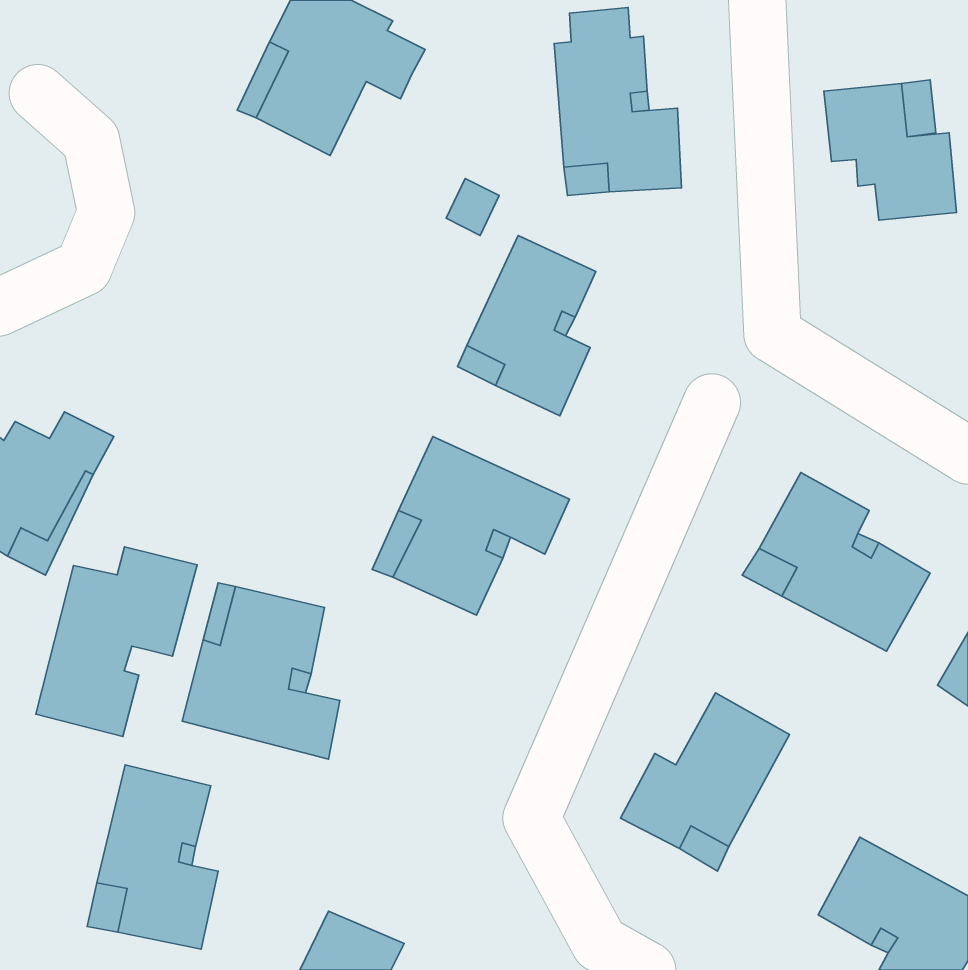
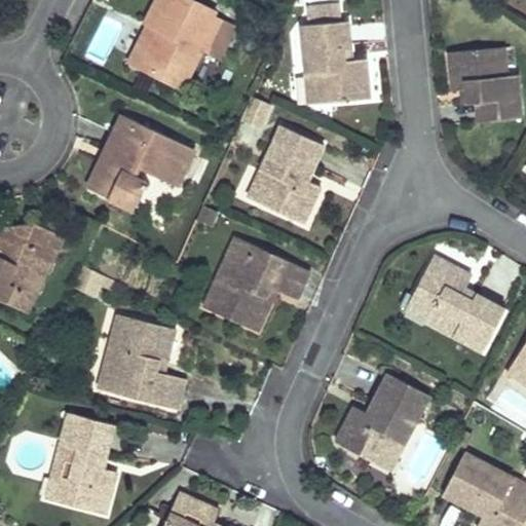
building: none -> [87,114,192,208]
building: [36,547,197,736] -> none

